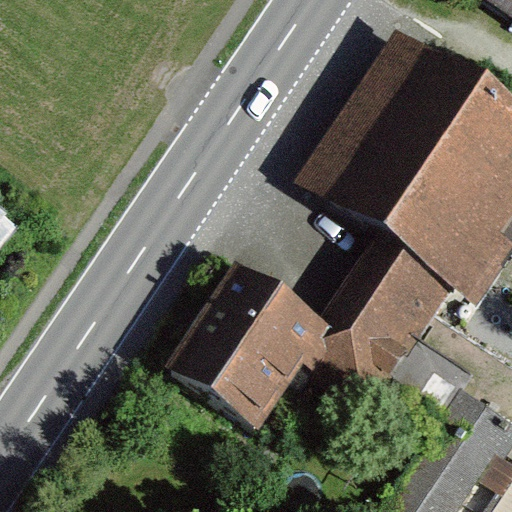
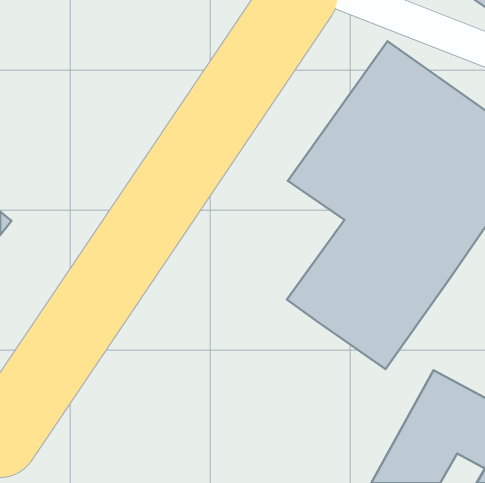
building: [168,267,334,432] -> none

